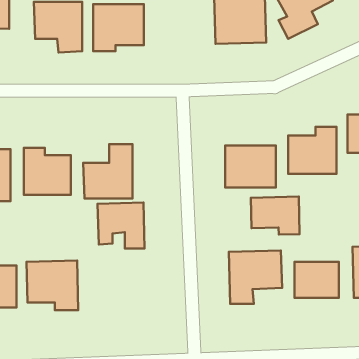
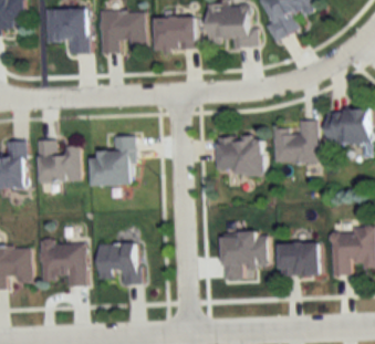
building: none -> [155,19,195,50]
building: [251,197,300,235] -> none
building: [98,203,145,248] -> [96,242,138,283]

